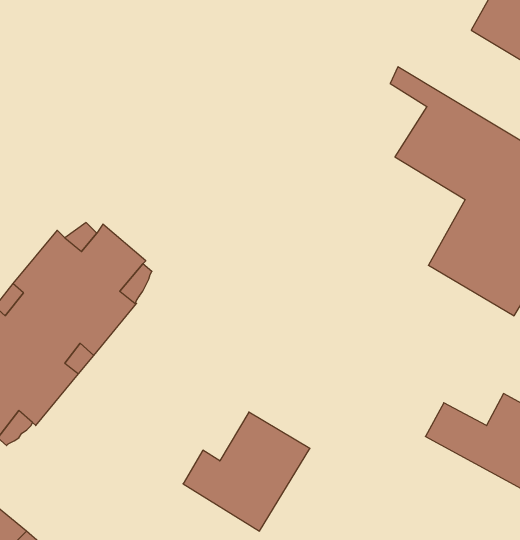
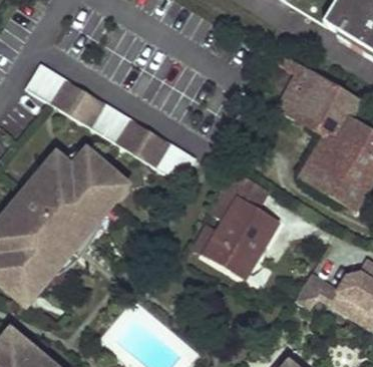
building: none -> [24,62,195,182]
building: [183,412,310,531] -> [194,199,277,277]

